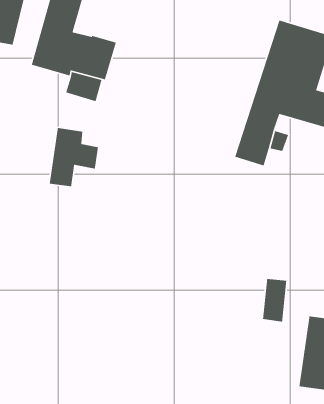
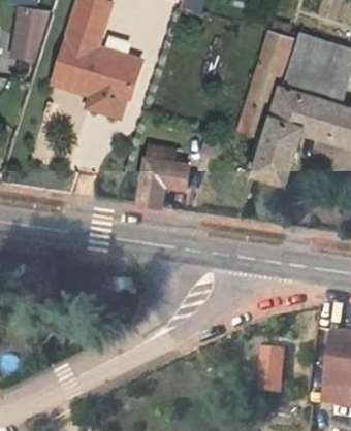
building: none -> [237,30,291,167]
building: [49,127,99,187] -> [138,145,188,205]
building: [262,278,287,323] -> [257,347,282,392]

